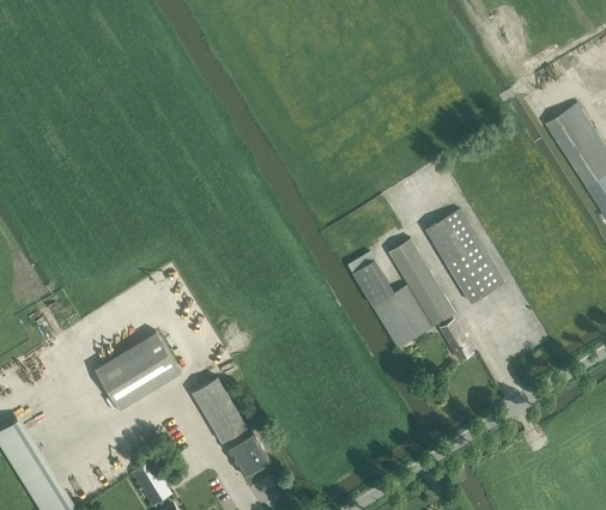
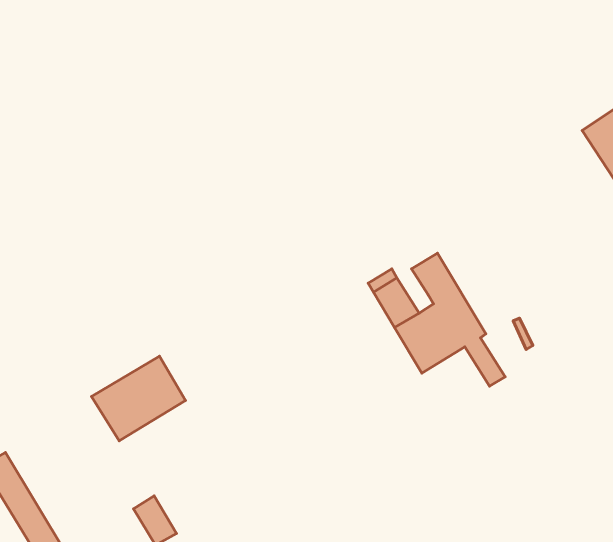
building: [425,210,503,304] -> none
building: [192,378,247,443] -> none
building: [226,432,269,478] -> none

